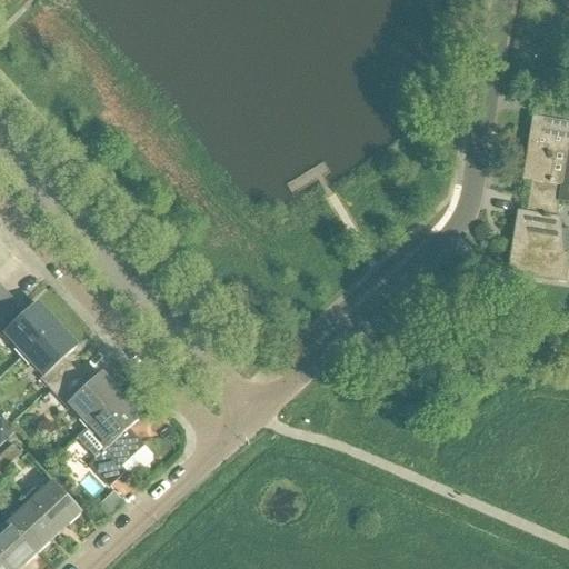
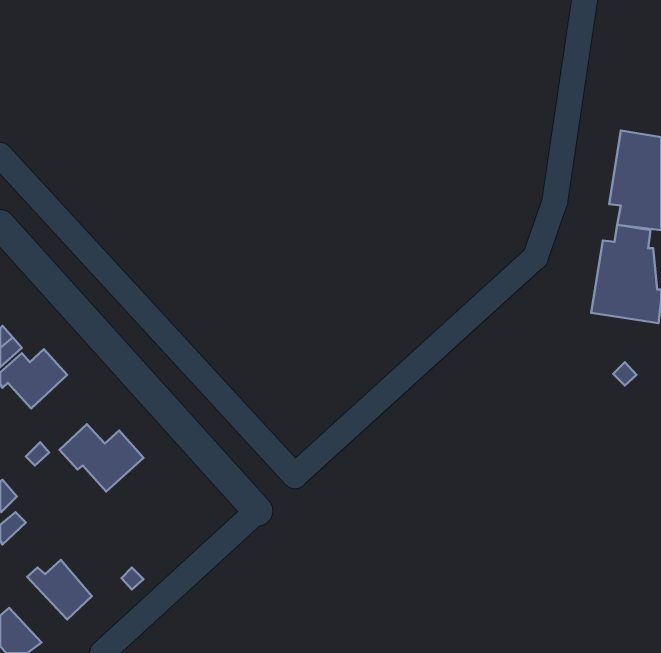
building: [27,322,77,382] -> none
building: [90,393,146,482] -> none
building: [8,496,58,552] -> none

